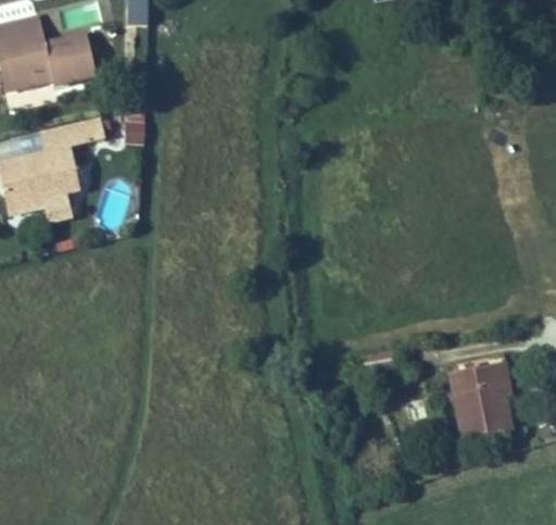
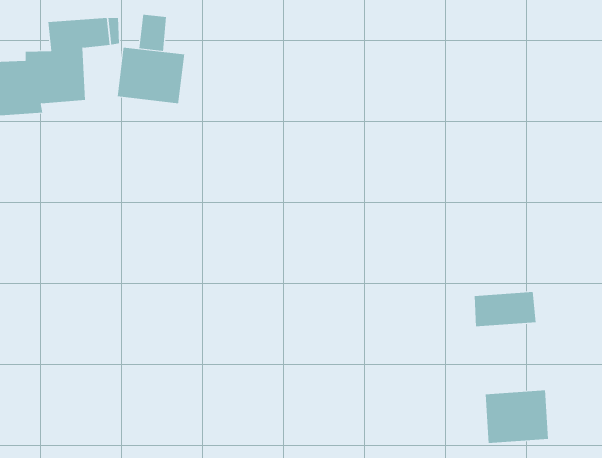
building: none -> [117,47,185,104]
building: [445,363,501,399] -> [474,291,536,327]

